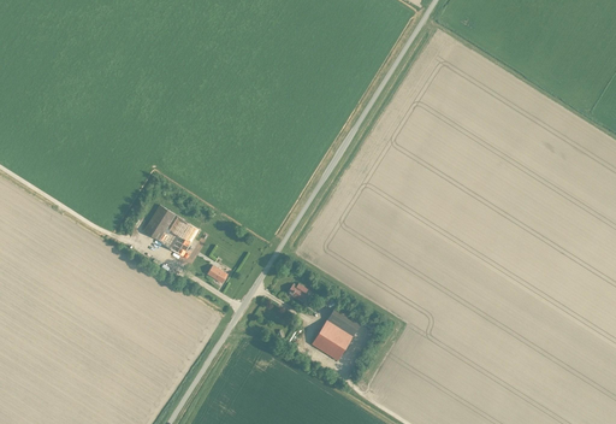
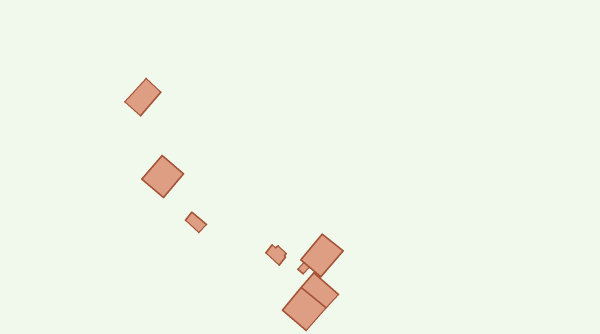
building: [143,206,176,242] -> [125,78,161,116]
building: none -> [301,234,343,277]

